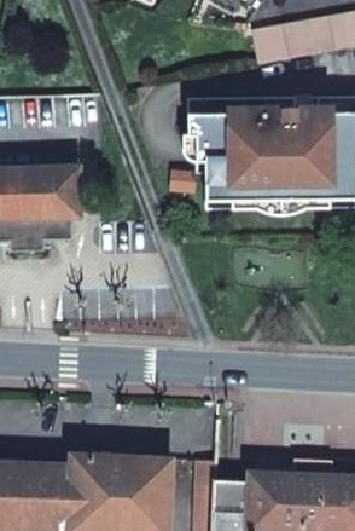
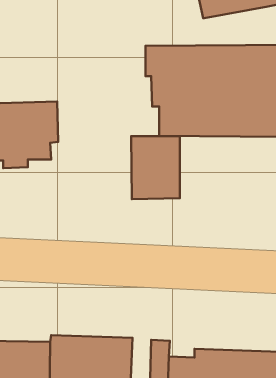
building: none -> [131,136,180,199]

